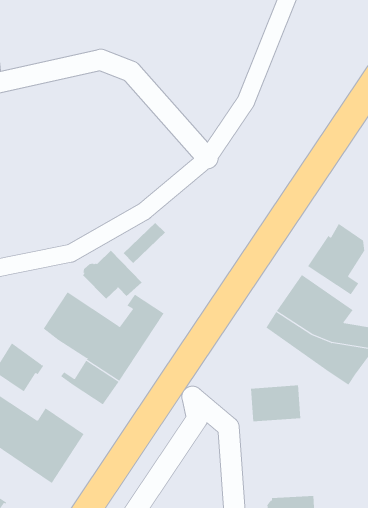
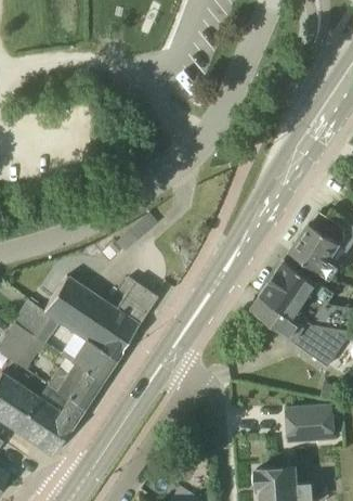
building: [82,250,142,300] -> none
building: none -> [13,301,57,345]
building: [250,385,301,422] -> [287,407,335,441]
building: none -> [45,364,100,410]

